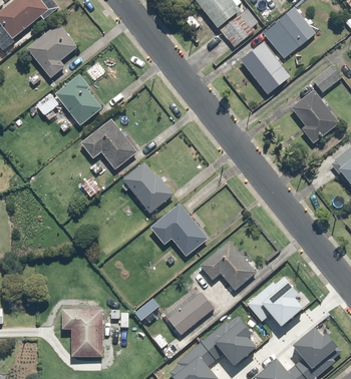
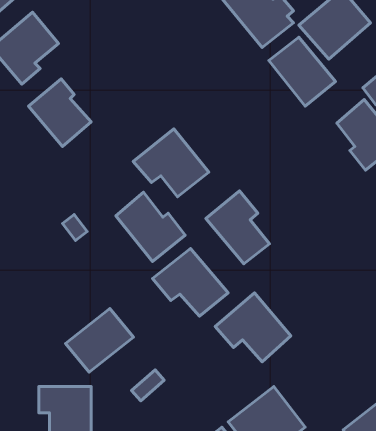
building: [79,118,137,170] -> [133,129,209,197]
building: none -> [206,191,270,264]
building: [251,277,309,322] -> none
building: [160,287,213,336] -> [66,308,133,372]

